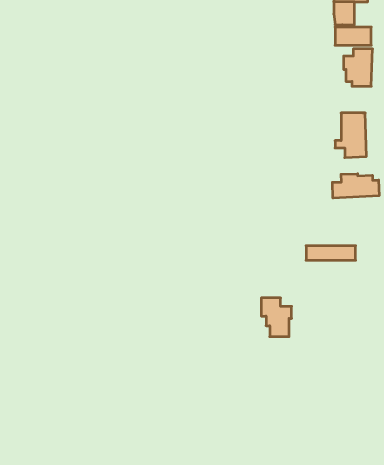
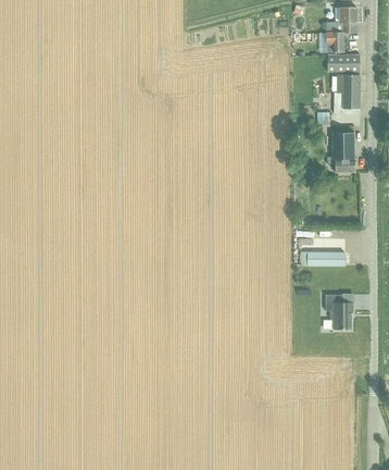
building: [332,174,379,198] -> none
building: [261,298,292,337] -> [327,293,354,327]

